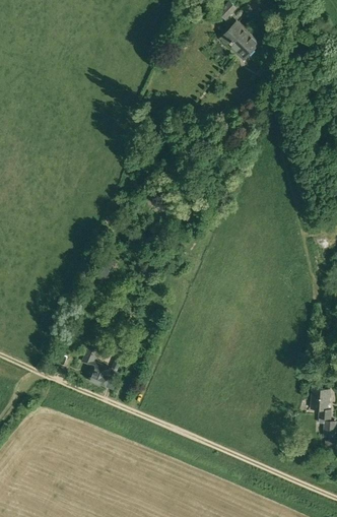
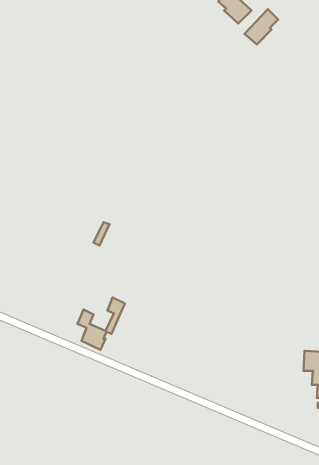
building: none -> [245,9,278,45]

